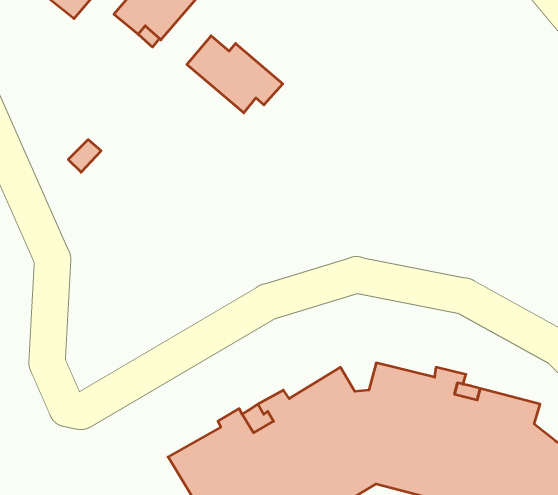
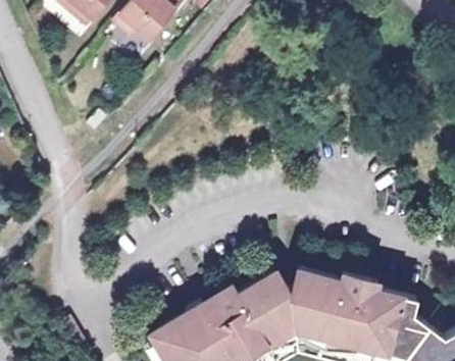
building: [187,36,283,113] -> none

